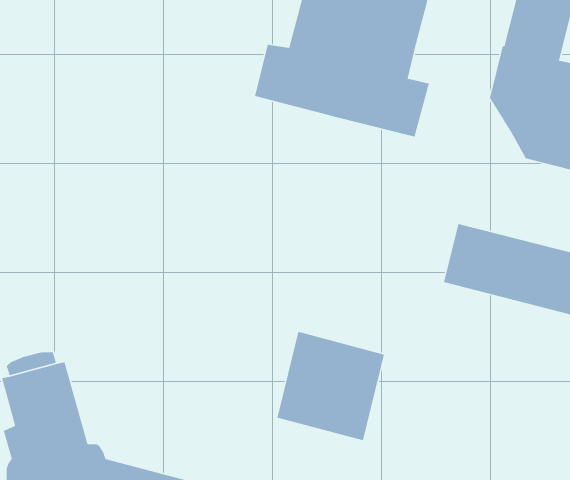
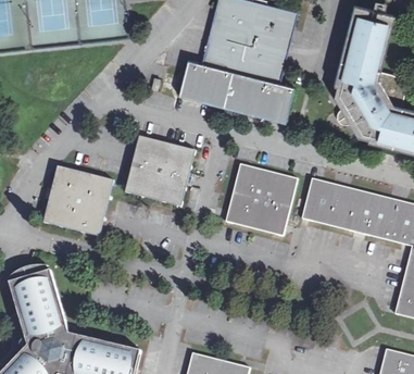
building: none -> [125,136,196,205]
building: none -> [43,165,114,236]
building: [276,331,385,441] -> [226,163,298,236]

